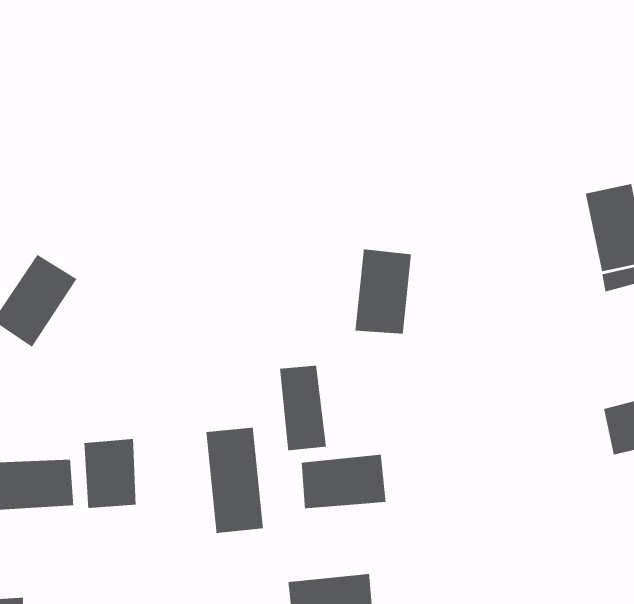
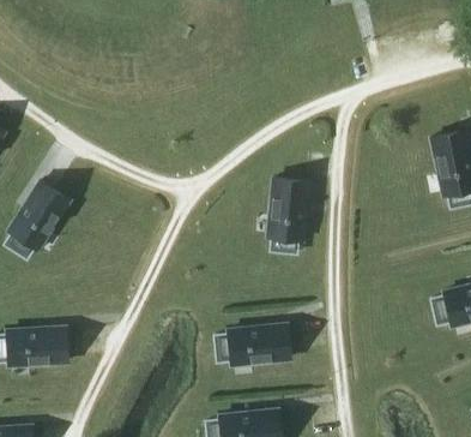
building: [279,365,327,451] -> none
building: [205,427,264,534] -> none
building: [83,438,136,509] -> none

